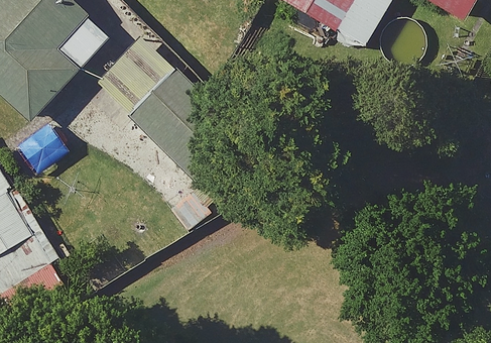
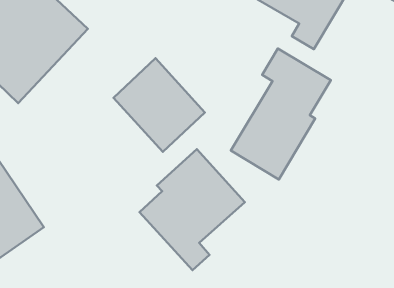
building: none -> [231,49,331,180]
building: none -> [139,149,245,270]

